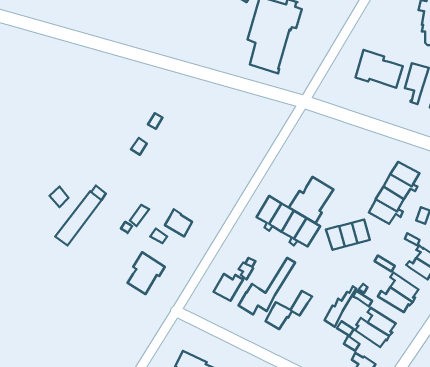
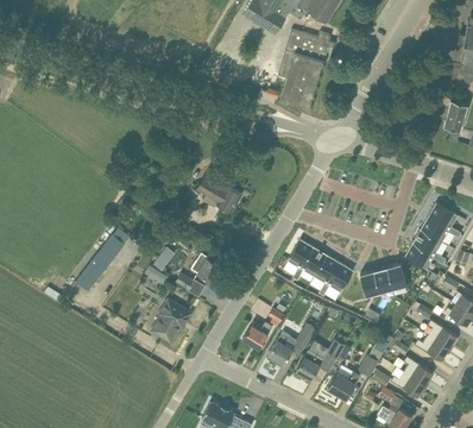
building: [355,50,403,88] -> none
building: none -> [196,165,242,212]
building: [289,177,333,223] -> none
building: none -> [328,364,360,398]

